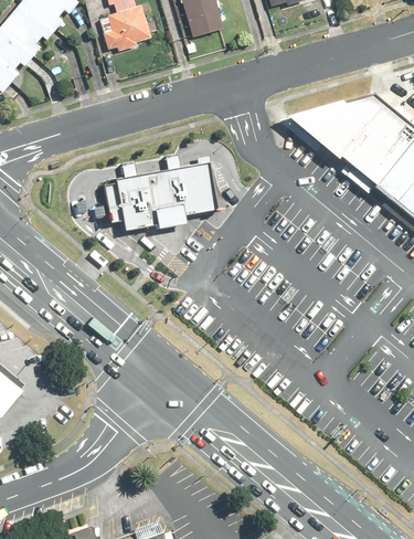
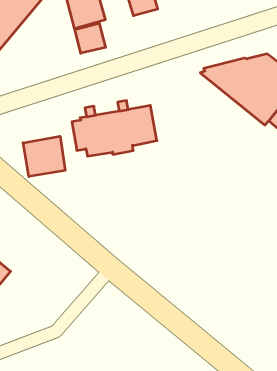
building: none -> [75,23,106,53]
building: none -> [23,136,65,177]

